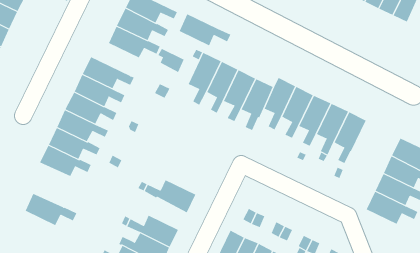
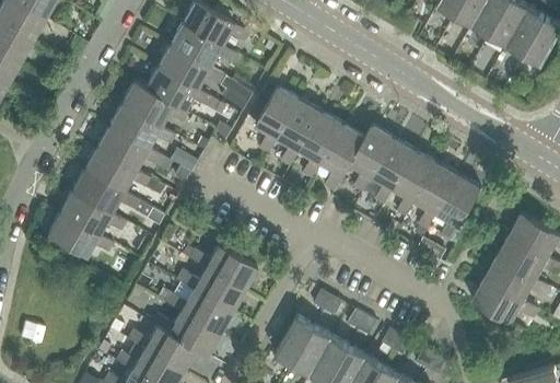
building: [179,13,231,46] -> [144,67,211,111]
building: [25,193,77,226] -> [46,213,113,257]
building: none -> [177,268,243,312]

